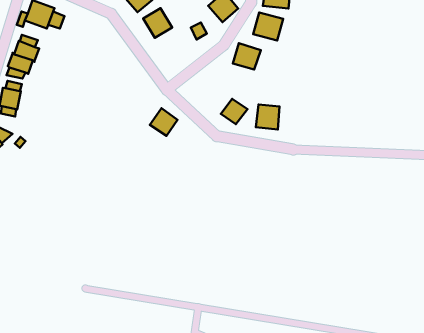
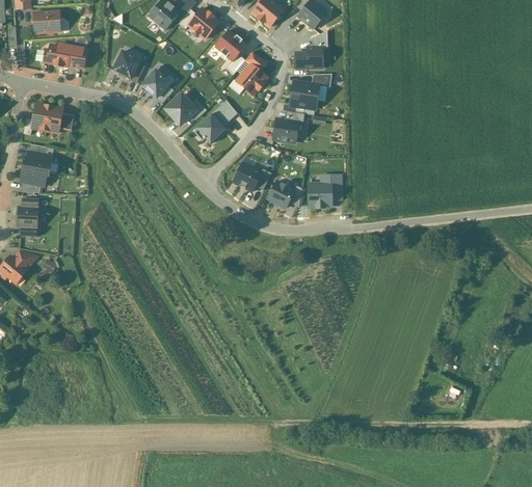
building: none -> [197,112,227,141]
building: [150,108,177,136] -> [233,160,263,190]

